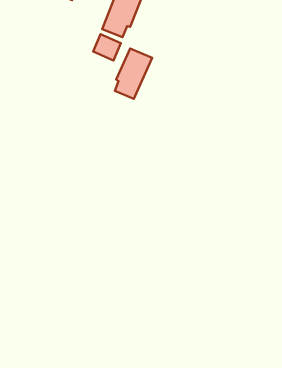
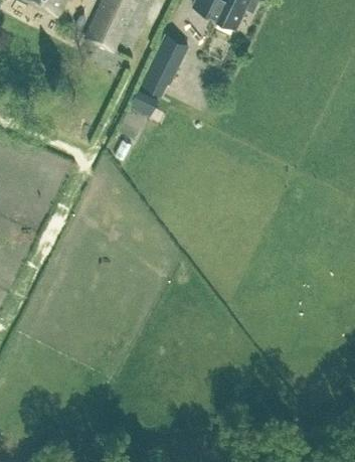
building: [115,49,152,99] -> none

